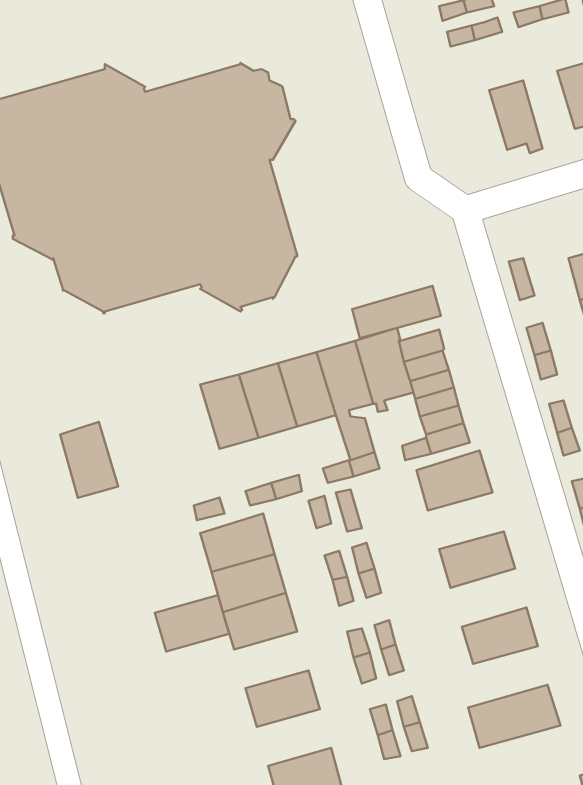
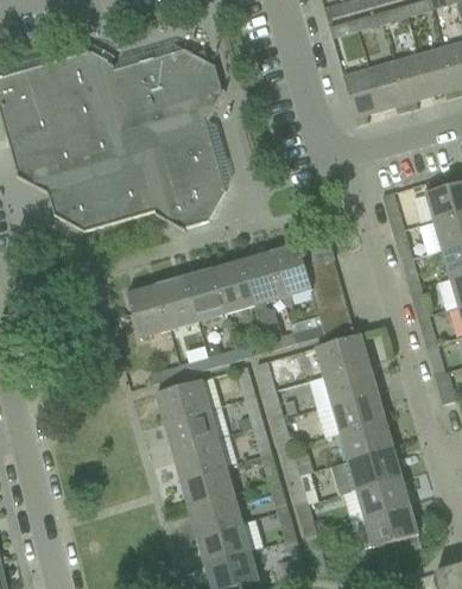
building: none -> [392,52,430,109]
building: none -> [342,66,380,125]
building: [352,286,441,338] -> none
building: [60,422,118,498] -> [126,283,169,338]
building: none -> [322,362,378,404]
building: none -> [338,418,394,461]
building: [155,595,229,652] -> [179,464,234,506]
building: none -> [355,475,410,517]
building: none -> [196,521,251,563]

